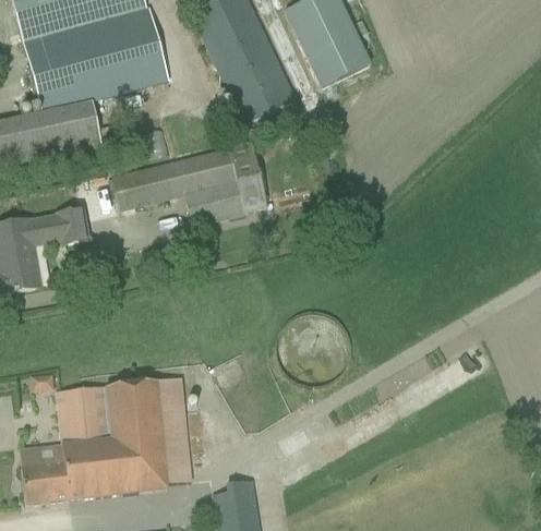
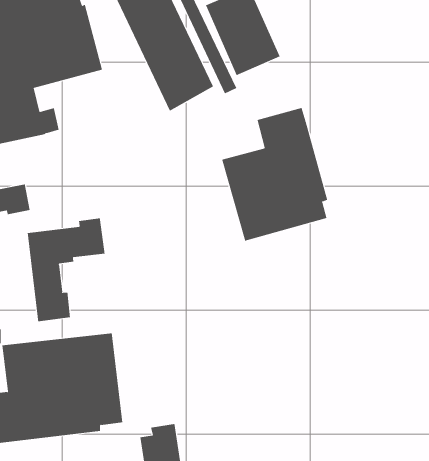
building: none -> [222,107,328,241]
building: [112,140,269,225] -> none
building: none -> [27,218,105,322]

